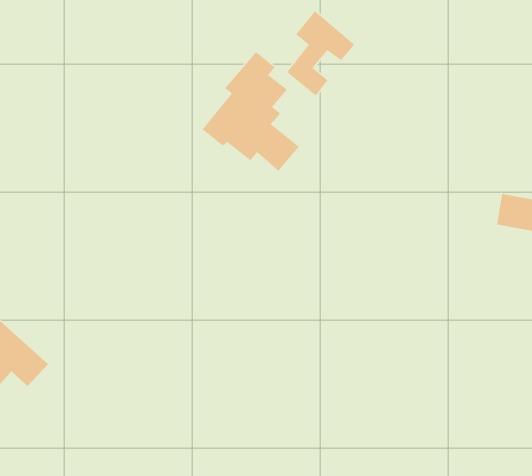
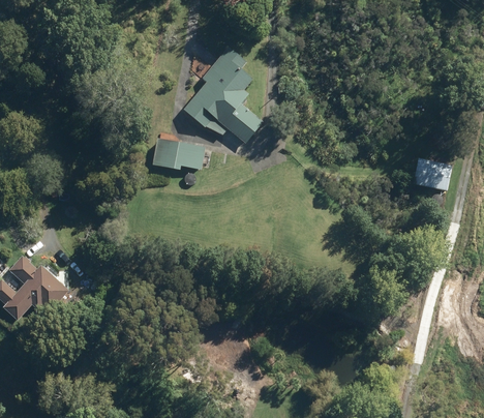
building: [286,10,355,96] -> none
building: none -> [154,143,203,168]

